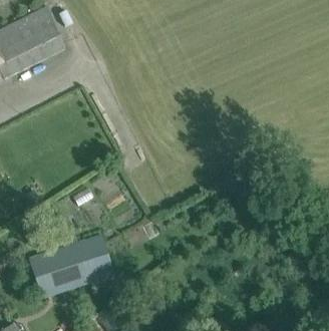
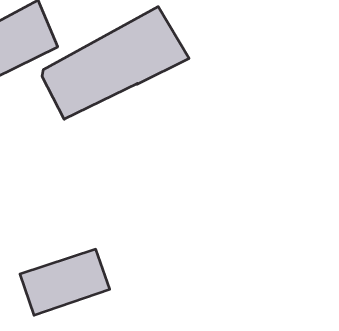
building: none -> [42,7,189,119]

